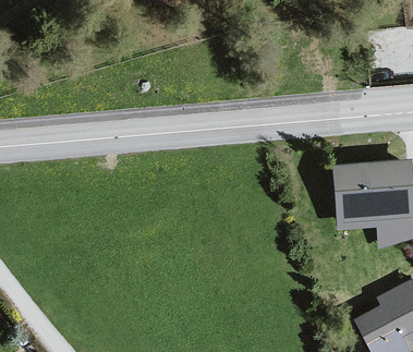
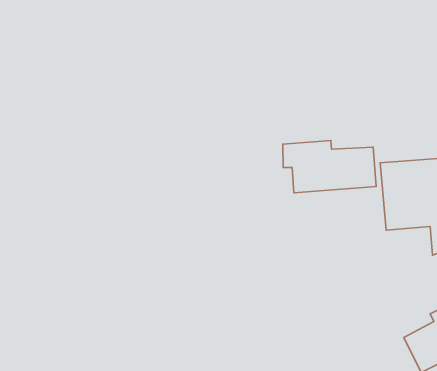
building: none -> [283,141,376,193]

